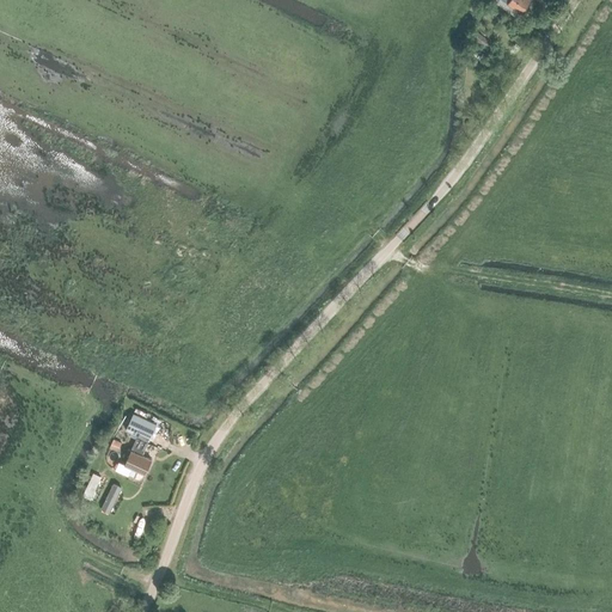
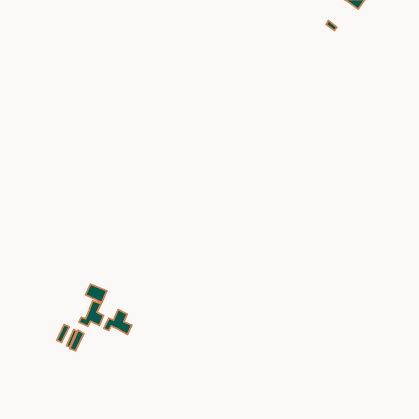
building: none -> [104,310,132,334]

